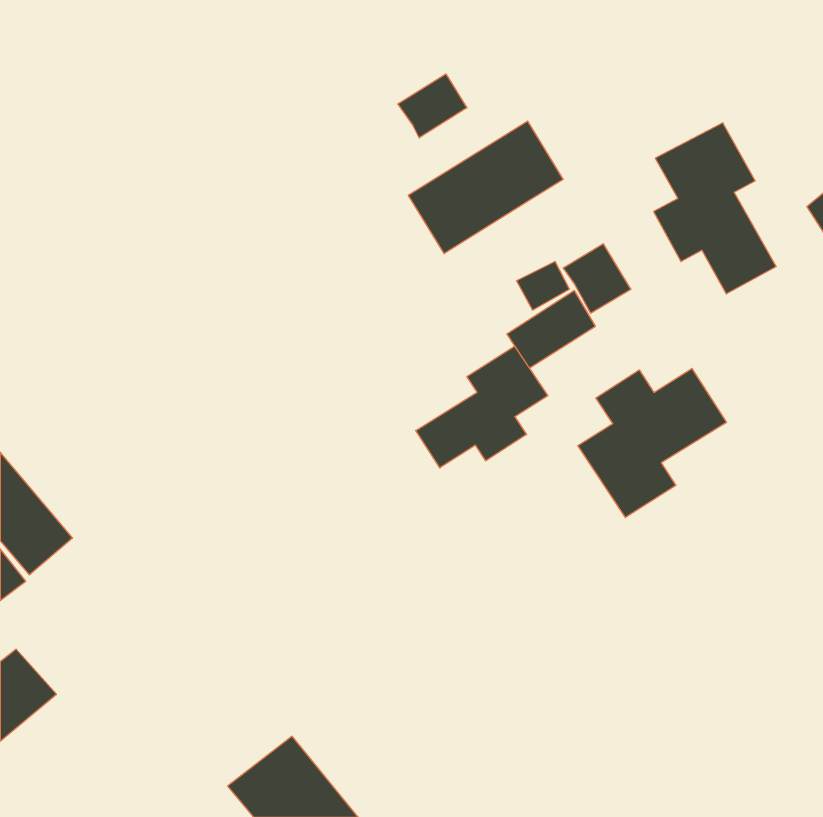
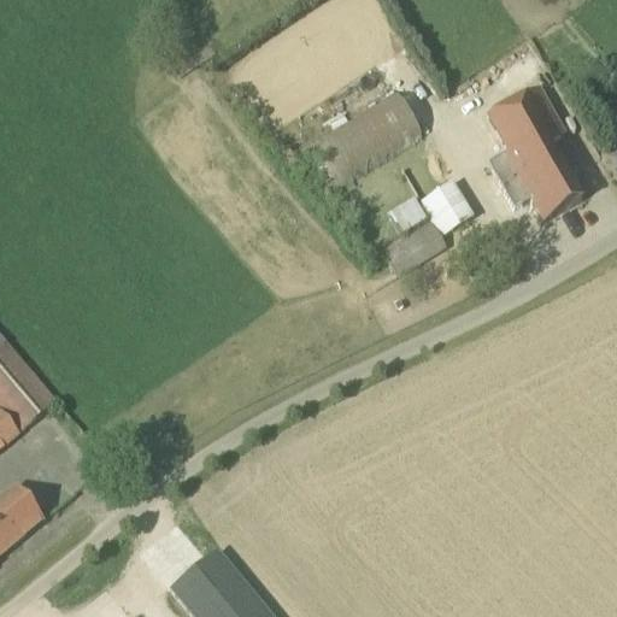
building: [398,74,467,138] -> none
building: [416,346,548,468] -> none
building: [578,368,726,518] -> none

